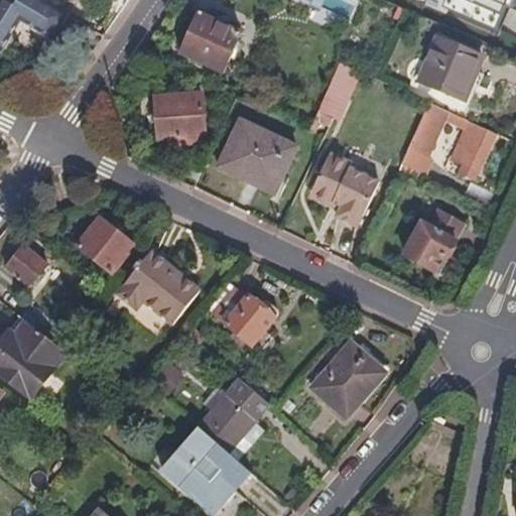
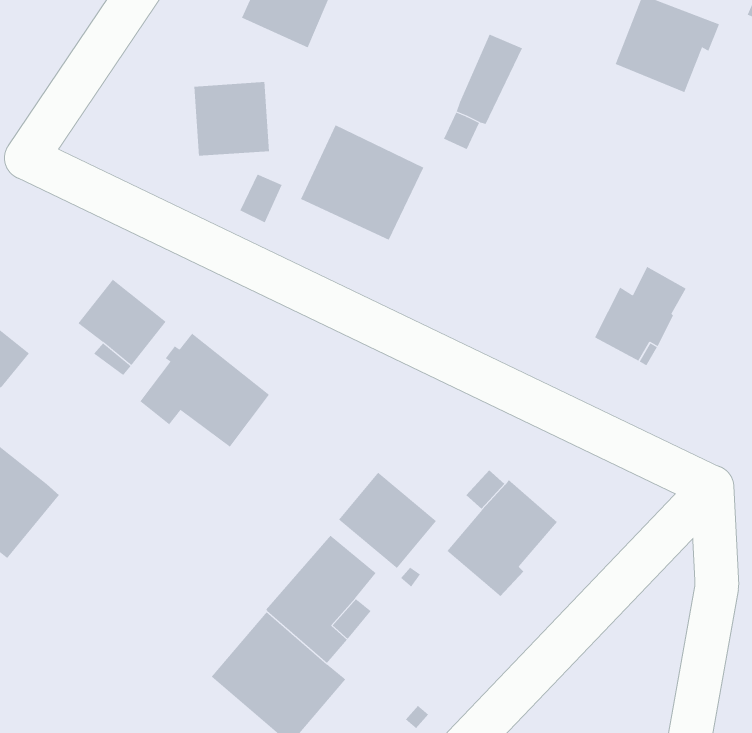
building: [398,102,495,176] -> none
building: [311,155,380,229] -> none
building: [209,287,271,349] -> [338,472,437,569]

